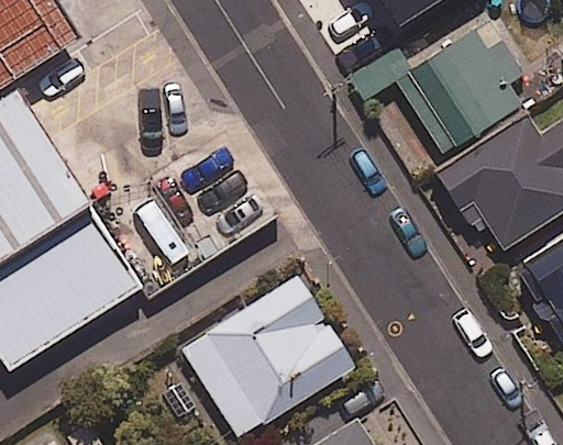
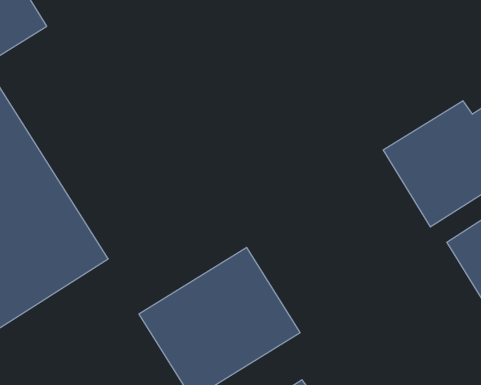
building: [396,18,525,154] -> none

